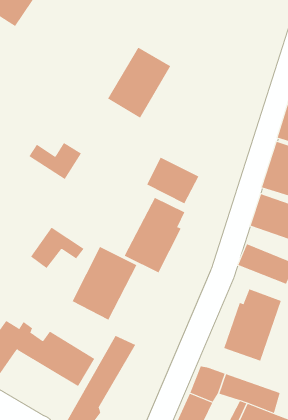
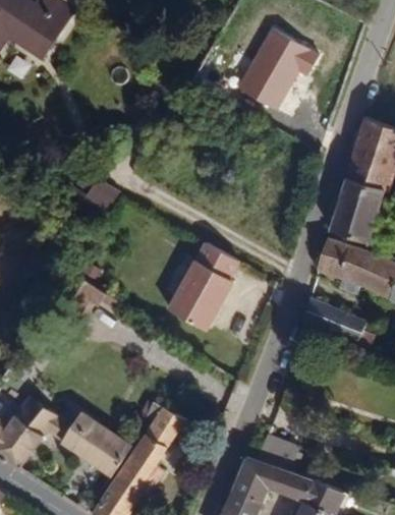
building: [107,47,171,119] -> [235,31,309,114]
building: [147,157,199,204] -> none
building: [72,246,137,321] -> none
building: [223,288,281,362] -> none

